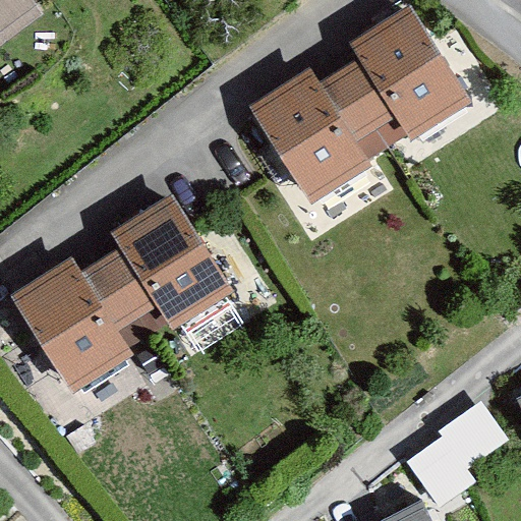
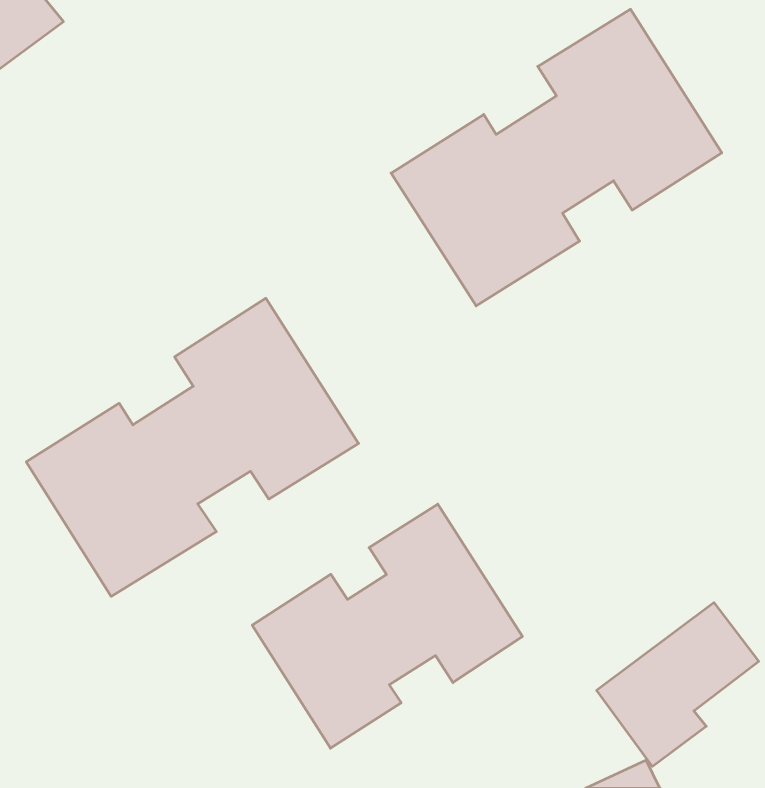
building: none -> [252,504,522,748]

